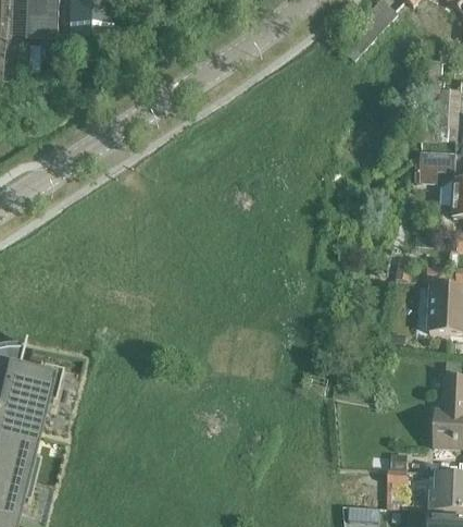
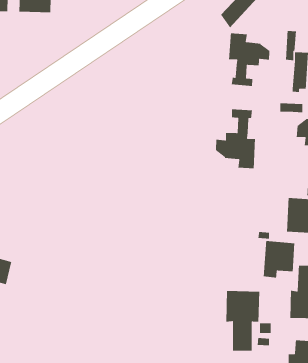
building: none -> [228,33,270,87]
building: none -> [215,108,256,169]
building: none -> [263,240,295,278]
building: none -> [225,290,260,352]

